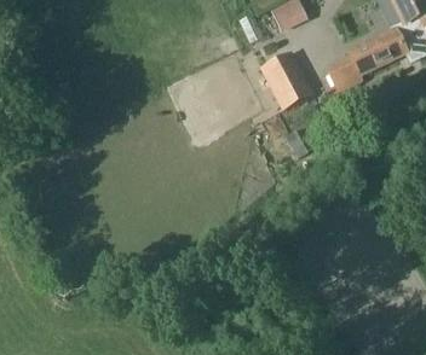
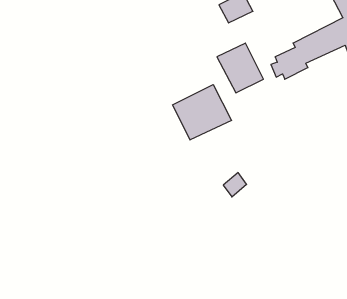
building: none -> [173,85,232,140]

